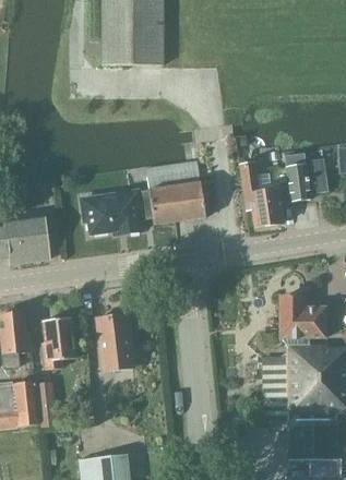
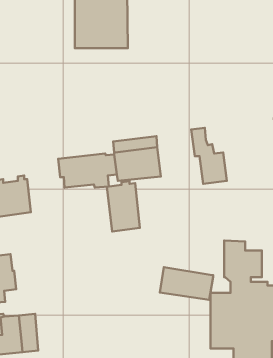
building: [287,160,330,200] -> none
building: [95,312,134,372] -> [107,181,140,232]
building: [40,316,75,371] -> none
building: none -> [160,267,213,300]

